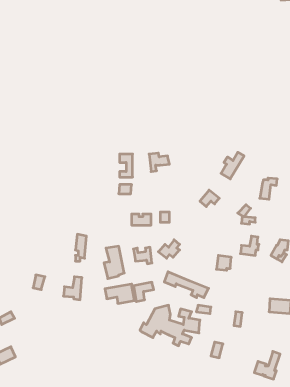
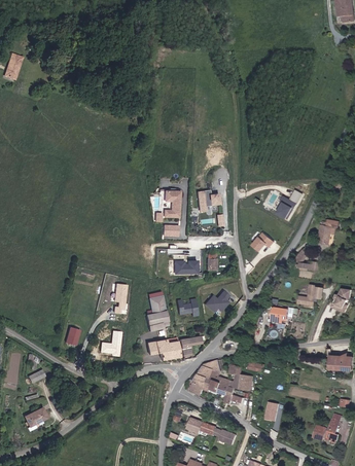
building: [164,272,209,298] -> [187,416,237,444]

